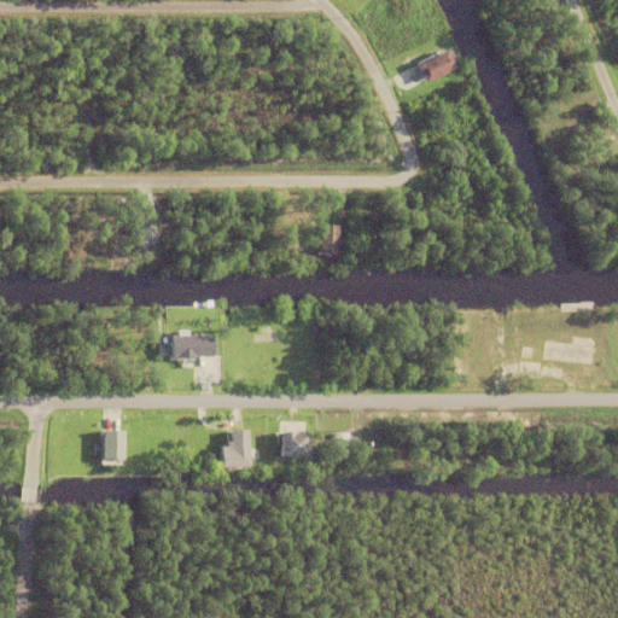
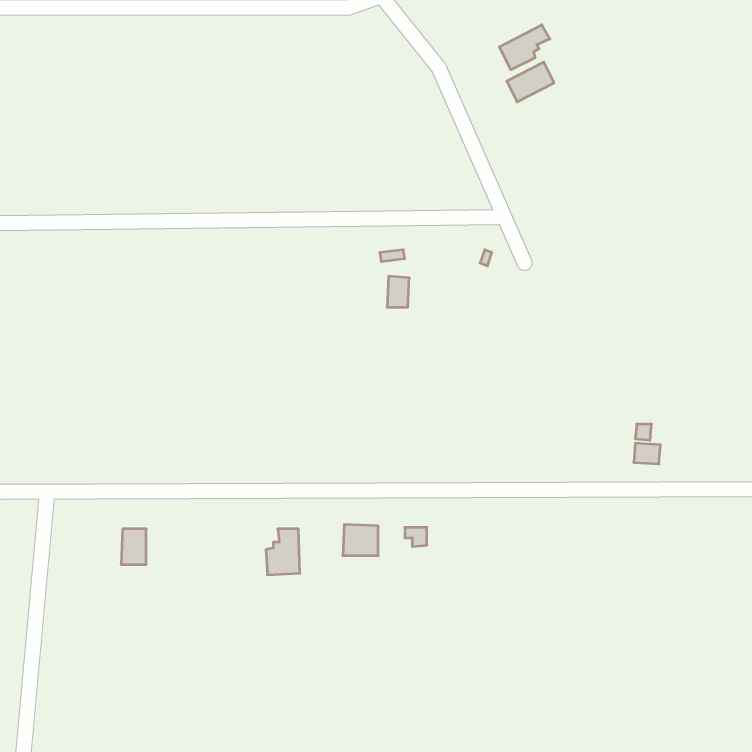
building: none -> [499,25,550,70]
building: [169,332,211,360] -> none

